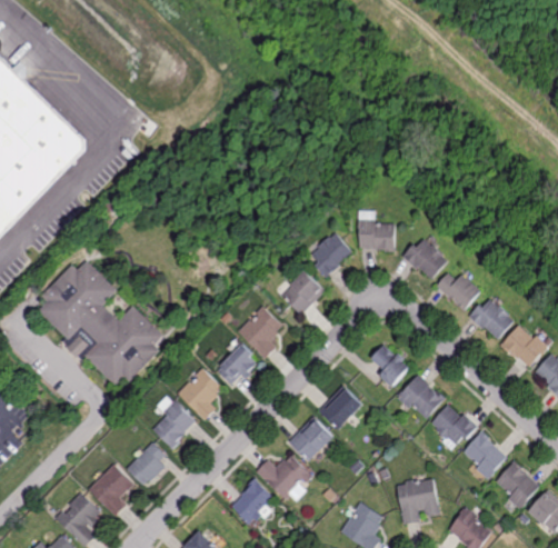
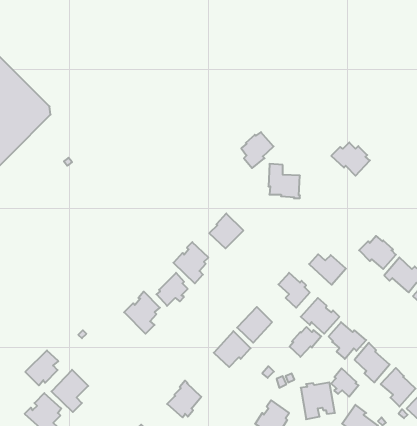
building: [311,232,351,277] -> [241,132,274,168]
building: [401,238,449,279] -> [331,142,370,176]
building: [37,259,162,385] -> none
building: [437,272,482,310] -> [309,254,346,285]
building: [152,400,195,448] -> none
building: none -> [290,327,321,357]
building: [126,442,167,486] -> [25,350,58,385]
building: [256,456,313,500] -> none
building: none -> [331,368,359,397]

